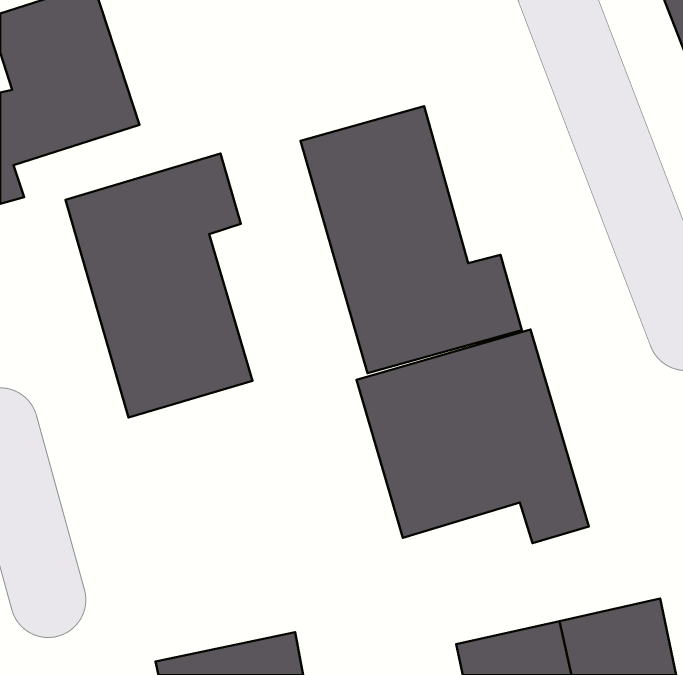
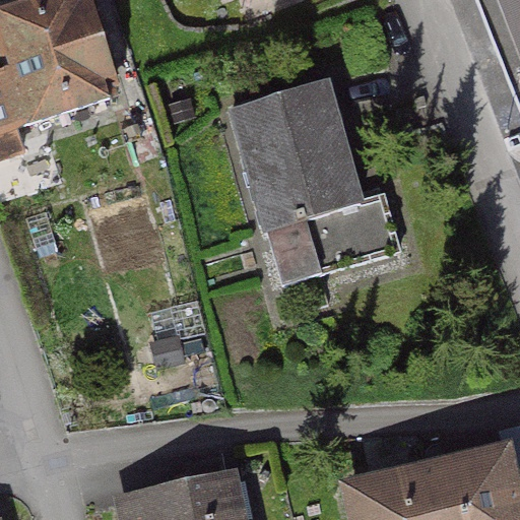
building: [66,154,253,417] -> none
building: [356,329,589,543] -> none

